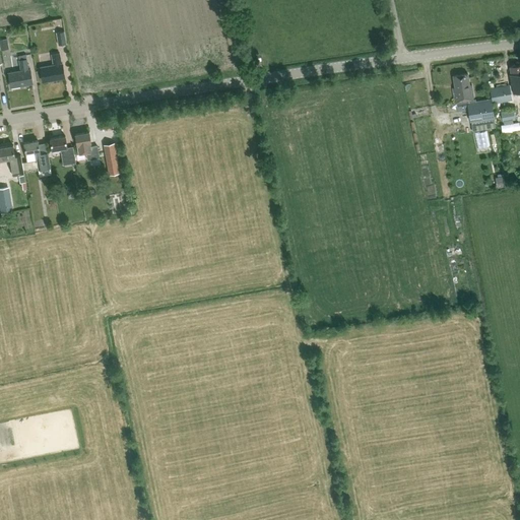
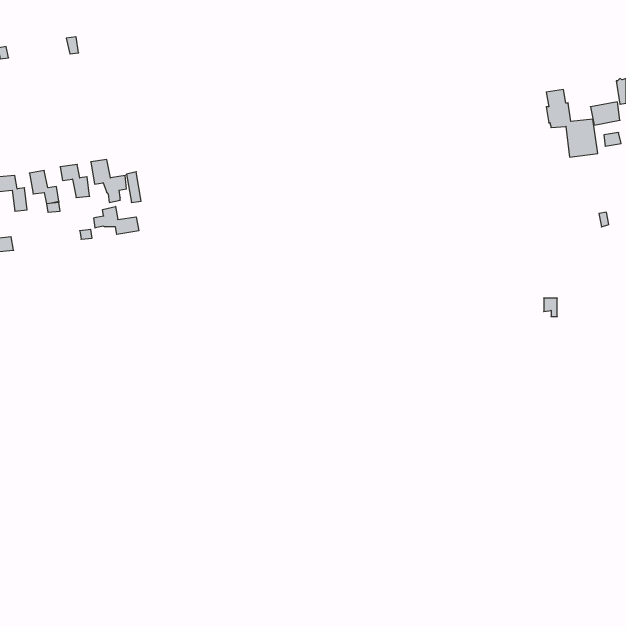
building: [40,53,64,81] -> none
building: [7,54,32,87] -> none
building: none -> [94,206,139,234]

